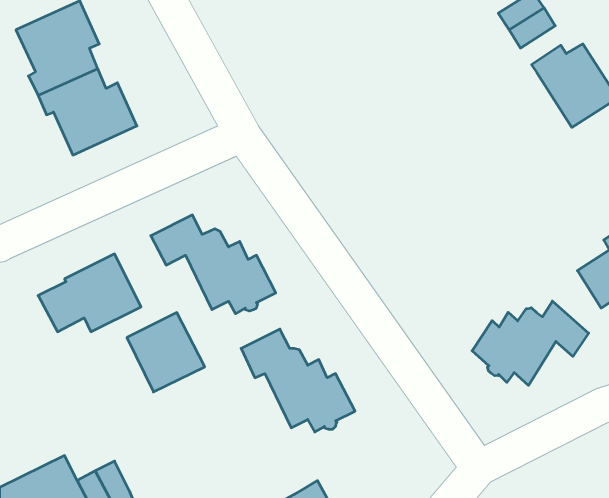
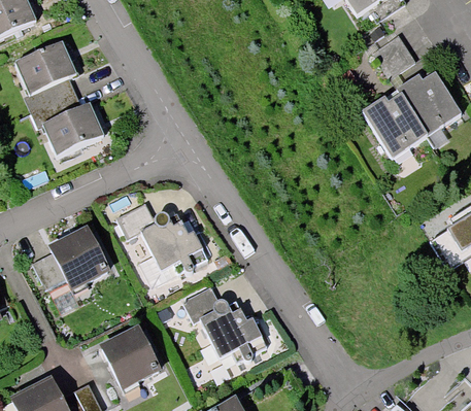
building: none -> [363,96,427,159]
building: [472,301,589,385] -> none
building: [127,313,205,392] -> [101,329,159,387]

